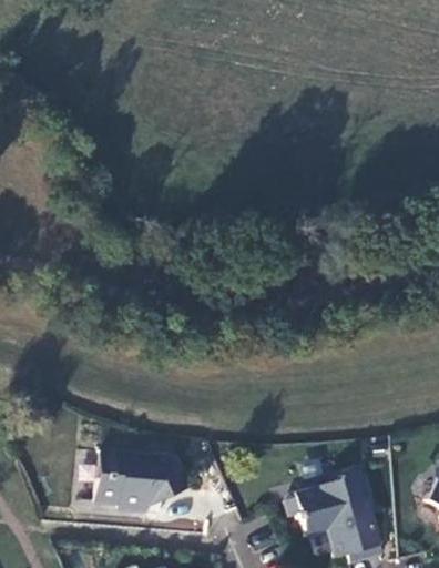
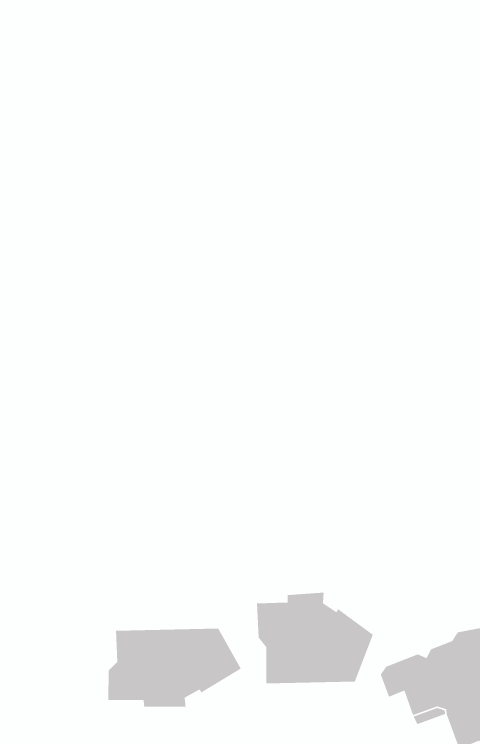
building: none -> [256,592,374,684]

